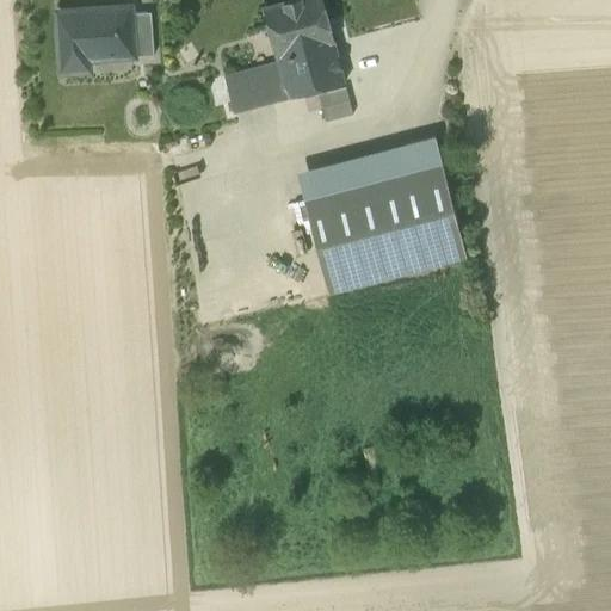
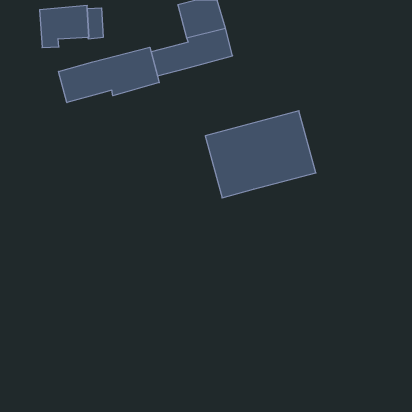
building: none -> [59,47,159,103]
building: [317,88,352,122] -> none
building: [296,137,442,202] -> none

